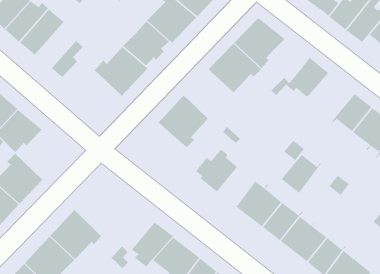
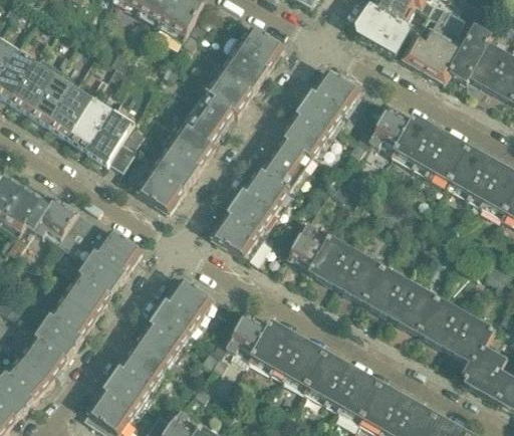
building: none -> [87,107,135,163]
building: none -> [136,156,190,209]
building: none -> [260,139,311,190]
building: none -> [394,120,444,168]
building: none -> [213,203,269,255]
building: none -> [82,229,139,284]
building: [280,154,322,194] -> [309,238,352,282]
building: none -> [157,277,214,337]

